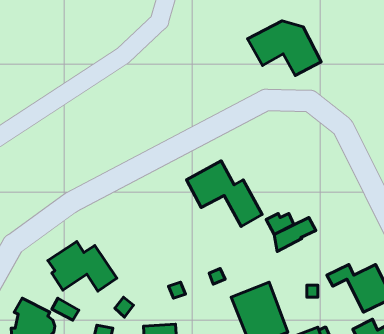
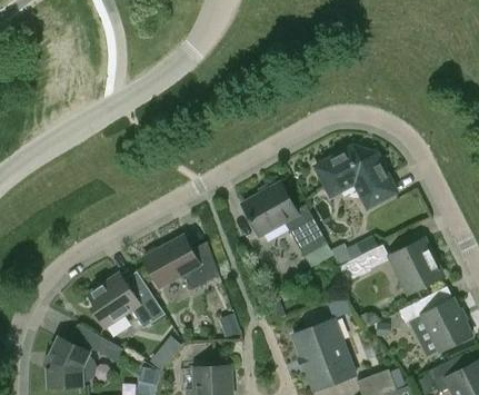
building: [247,21,321,76] -> [315,147,397,208]
building: none -> [143,236,219,290]
building: none -> [389,243,442,294]

